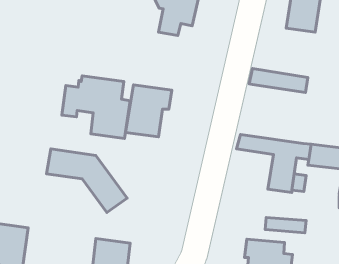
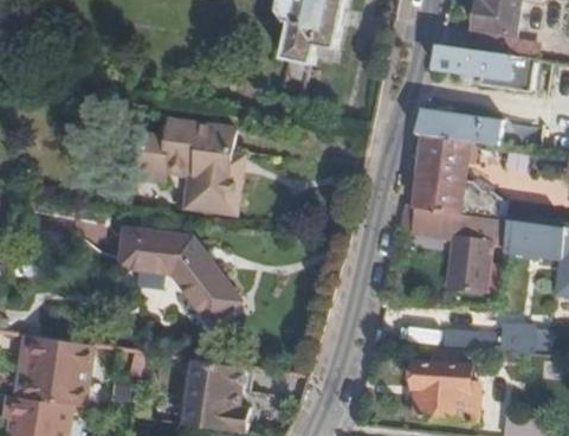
building: none -> [431,45,532,91]
building: none -> [410,134,498,220]
building: [126,85,172,137] -> none

